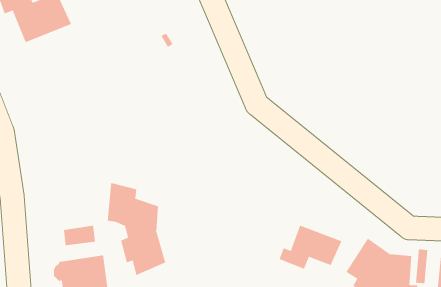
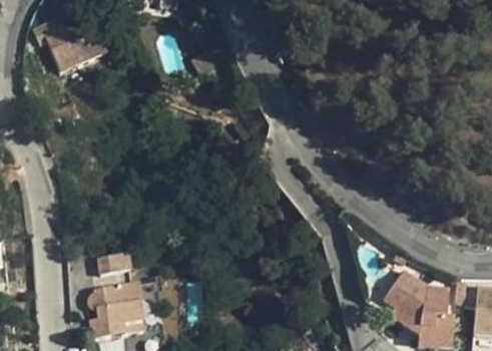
building: [107,182,166,276] -> none
building: [279,225,342,269] -> none

